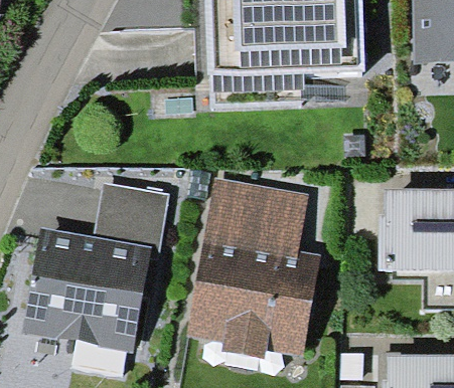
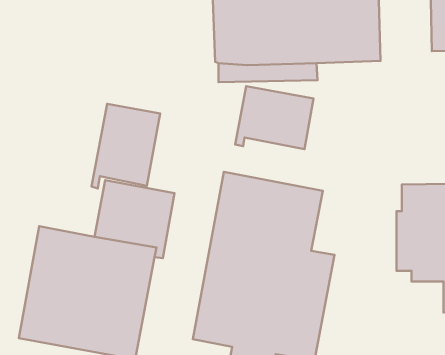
building: none -> [235,86,314,149]
building: none -> [91,104,160,188]

